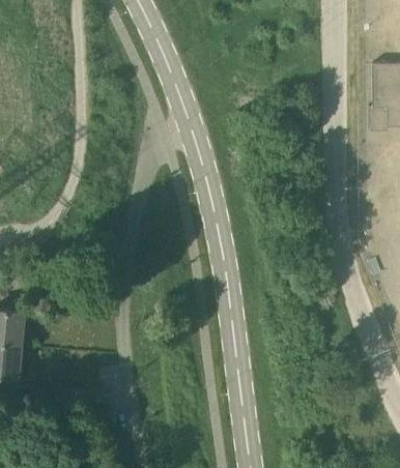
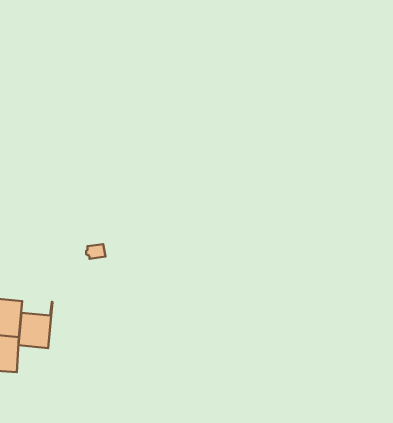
building: none -> [18,302,53,348]

